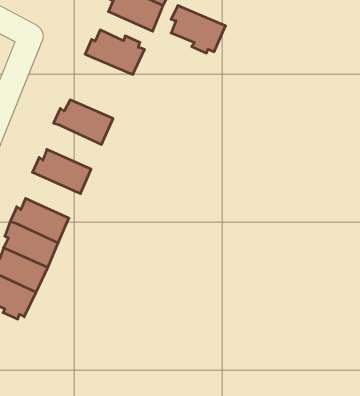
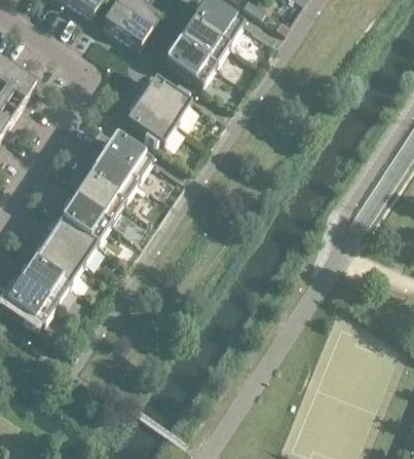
building: [171,6,226,53] -> [124,99,175,146]
building: none -> [85,156,136,203]
building: none -> [59,197,109,244]

